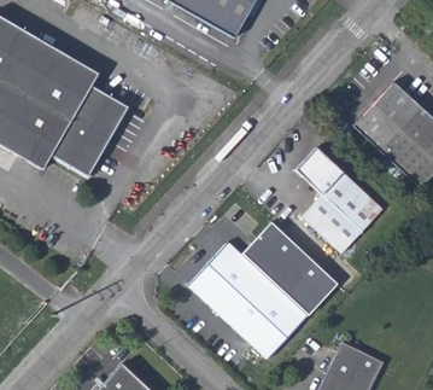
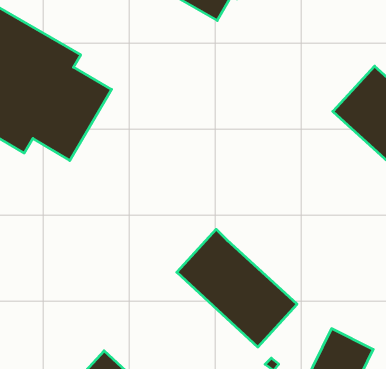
building: [292,150,379,255] -> none
building: [242,223,340,318] -> none

